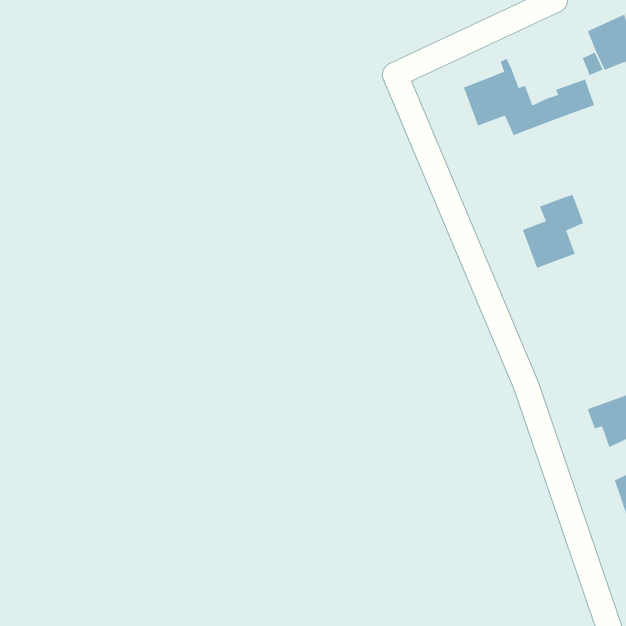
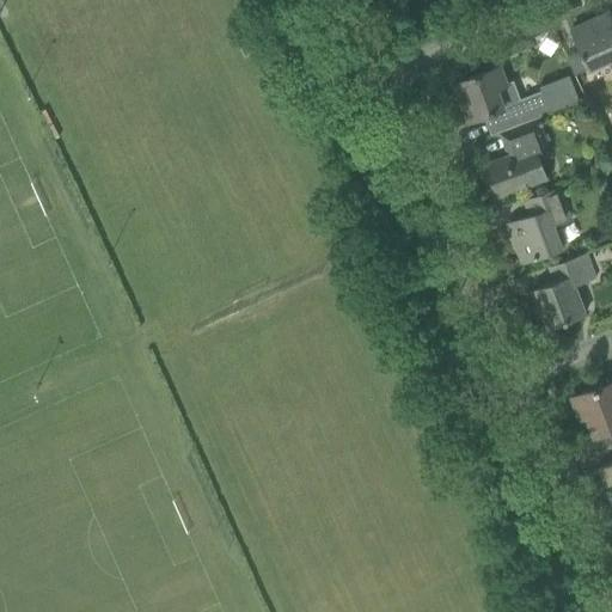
building: none -> [486,121,546,196]
building: none -> [533,253,596,330]

